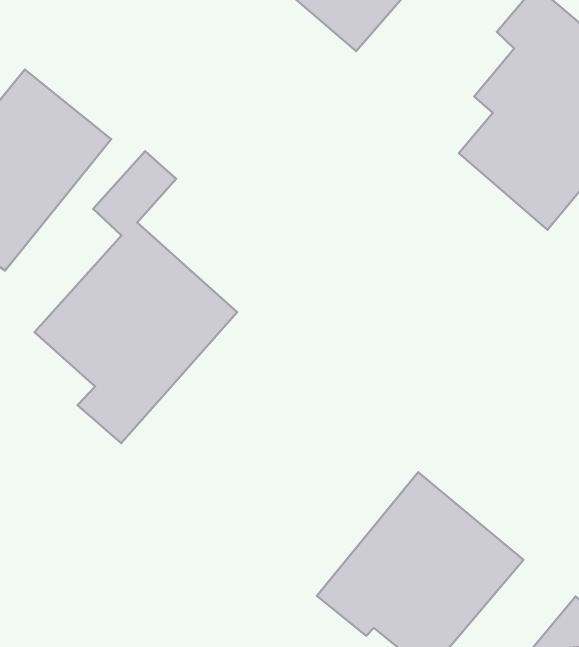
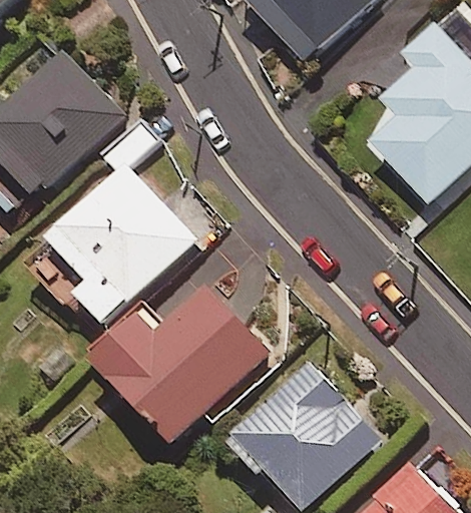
building: none -> [91,282,264,436]

